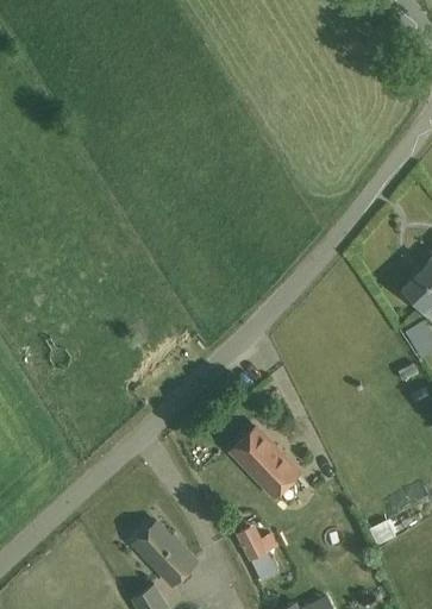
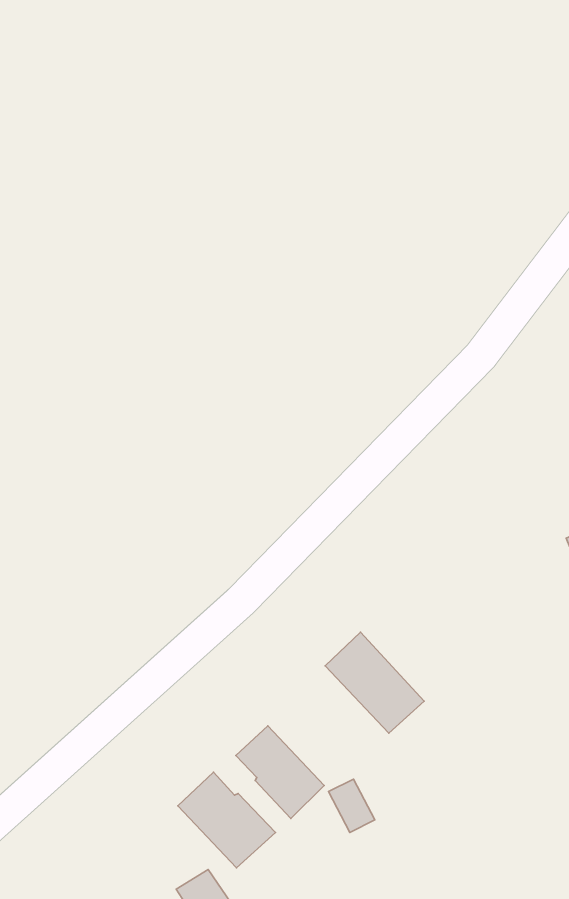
building: none -> [236,726,324,819]

